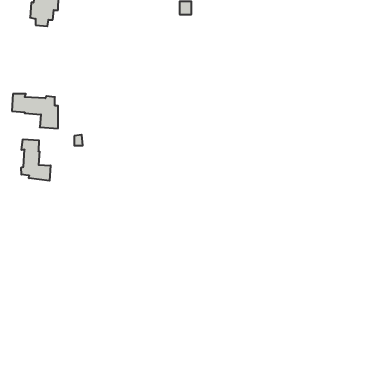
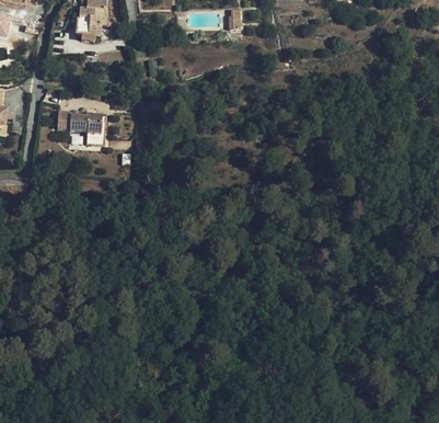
building: [21,139,51,181] -> none

